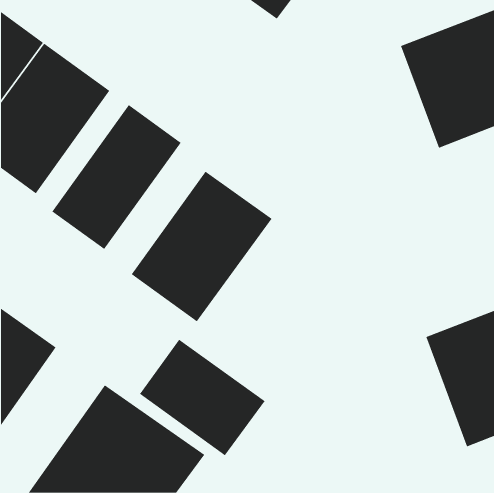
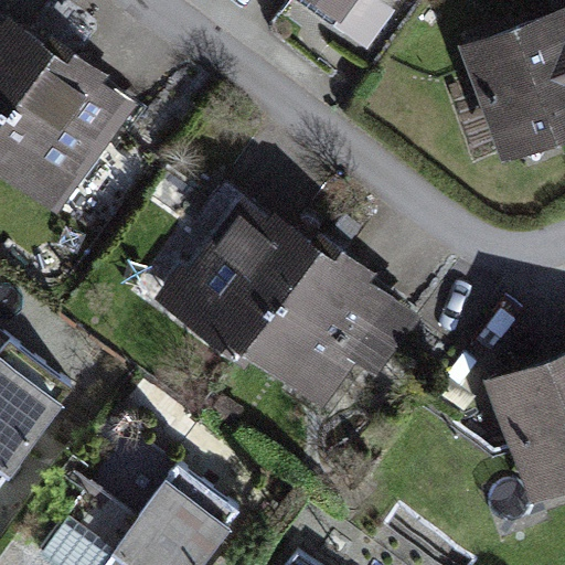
building: [52,104,182,250] -> none
building: none -> [228,247,418,418]
building: [139,339,266,456] -> none

